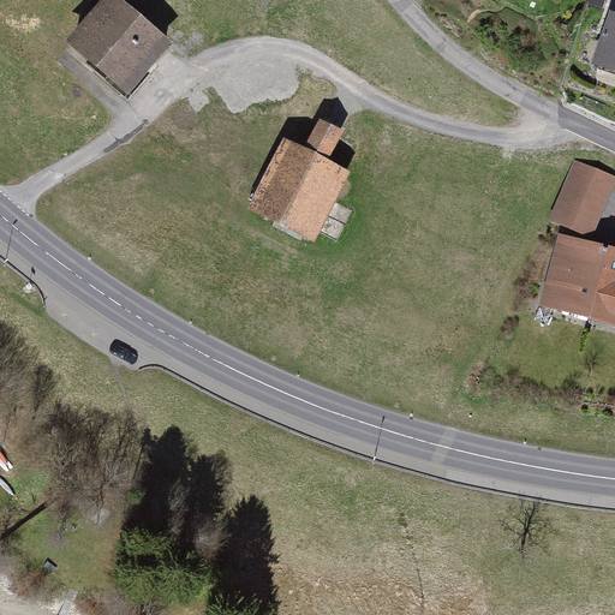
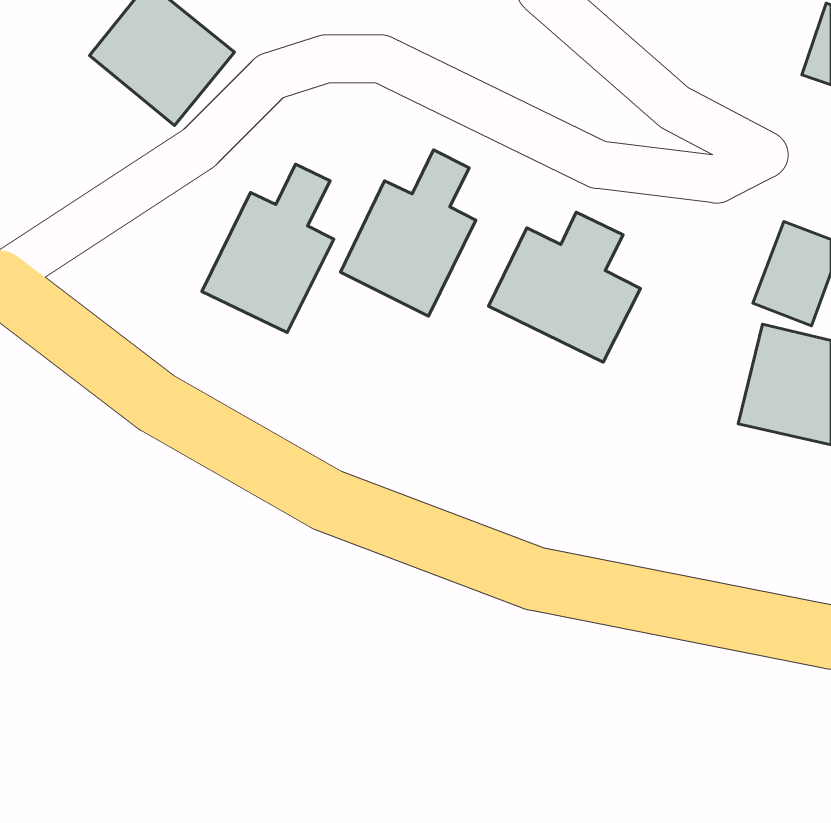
building: none -> [202,164,334,333]
building: none -> [488,212,640,362]

